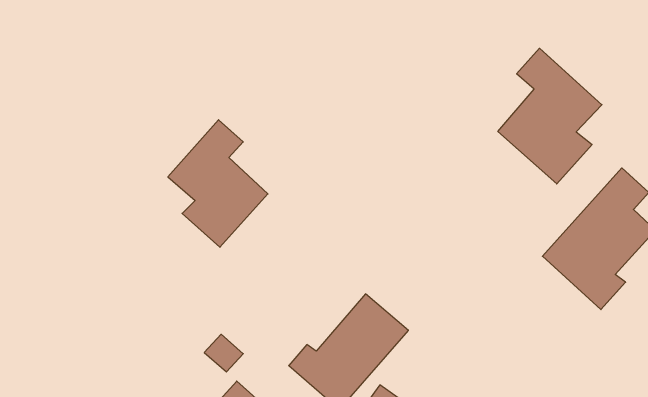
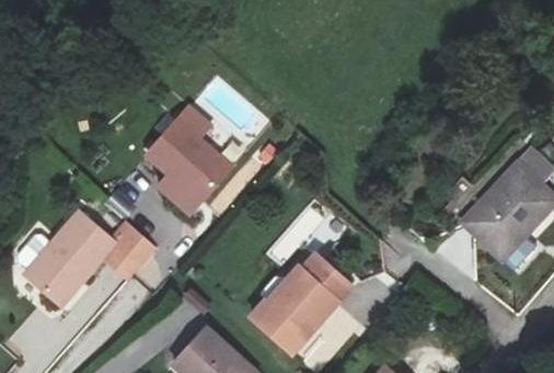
building: [498,48,602,184] -> none
building: none -> [25,211,151,302]

